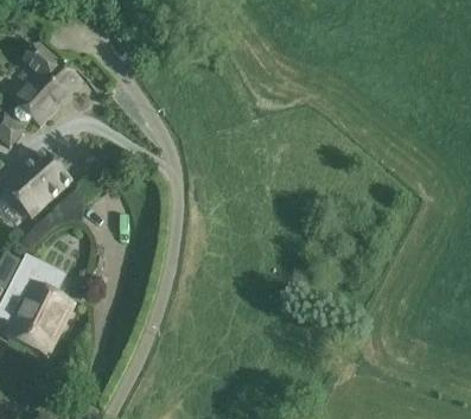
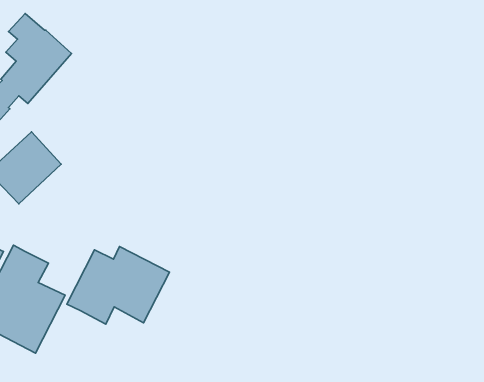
building: none -> [67,247,170,324]

